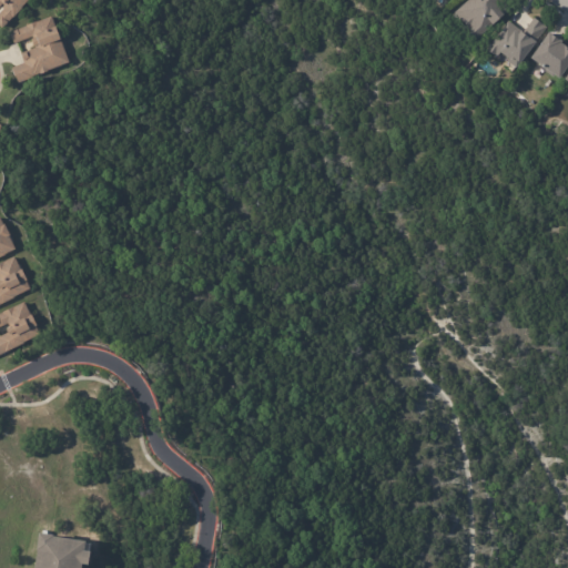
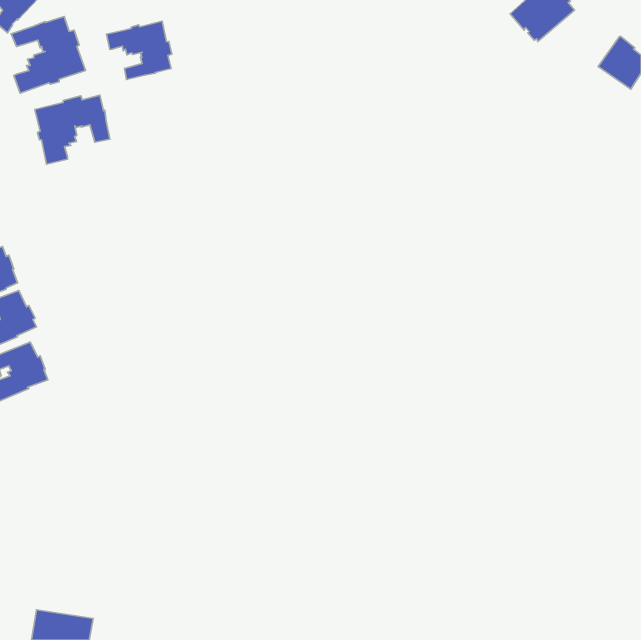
building: [484,17,545,69] -> none
building: none -> [106,21,172,79]
building: none -> [35,95,110,164]

